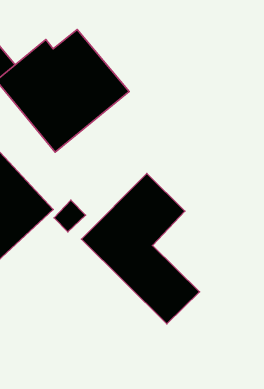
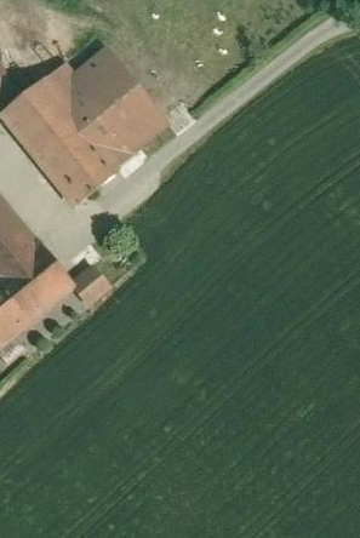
building: [81,174,200,324] -> none

